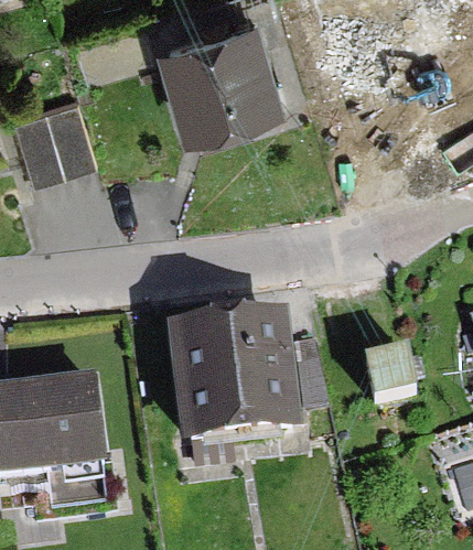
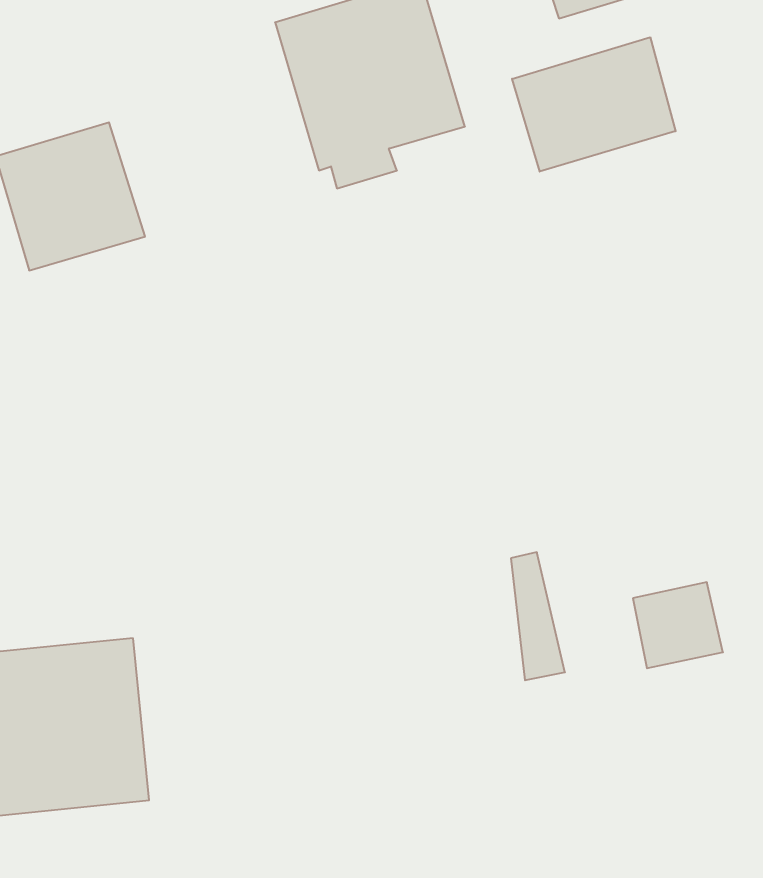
building: none -> [512,37,676,172]
building: [176,310,289,438] -> none

